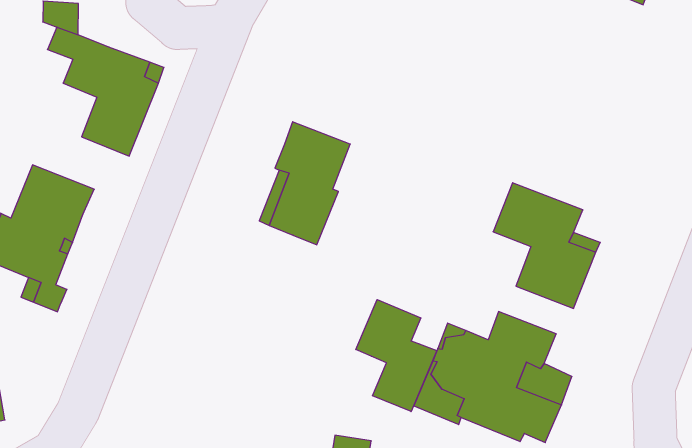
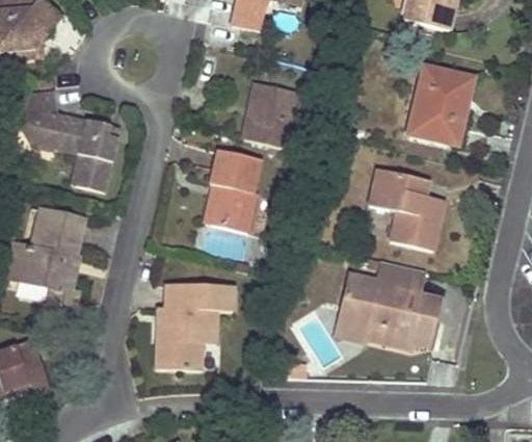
building: none -> [245,82,297,146]
building: none -> [409,67,473,142]
building: none -> [157,282,234,369]
building: [356,300,437,412] -> none

